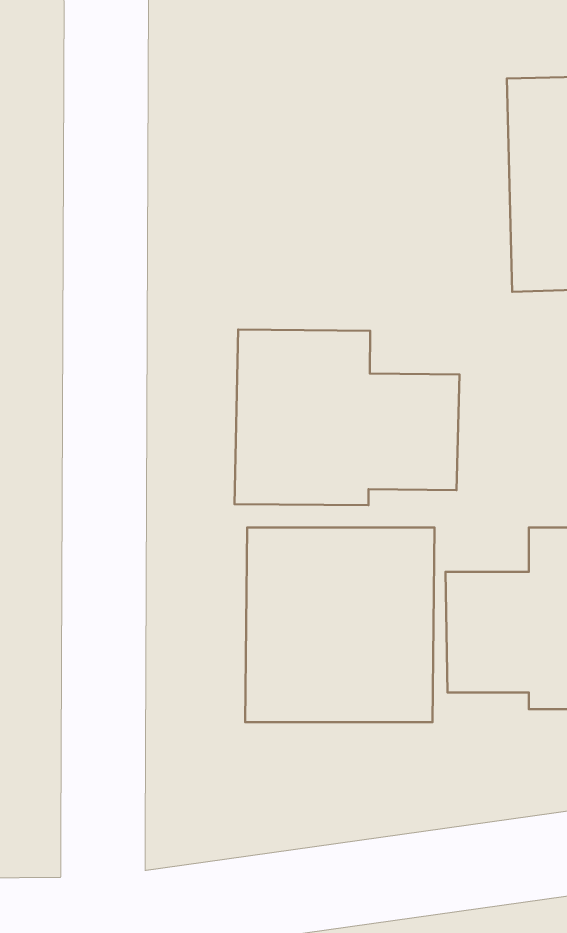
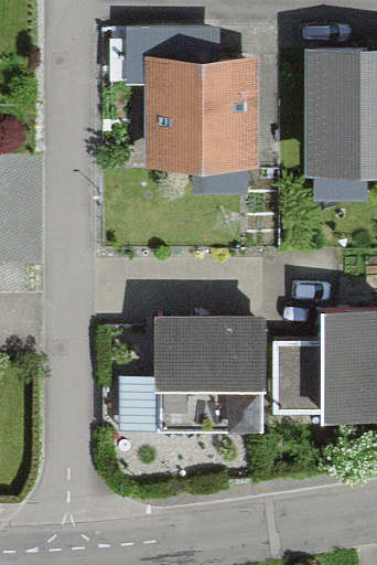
building: none -> [143,58,256,168]
building: [235,329,460,505] -> none

